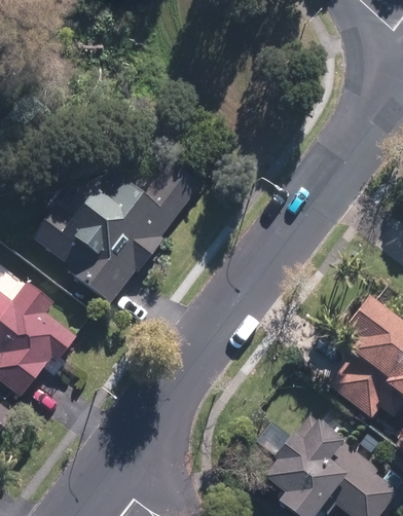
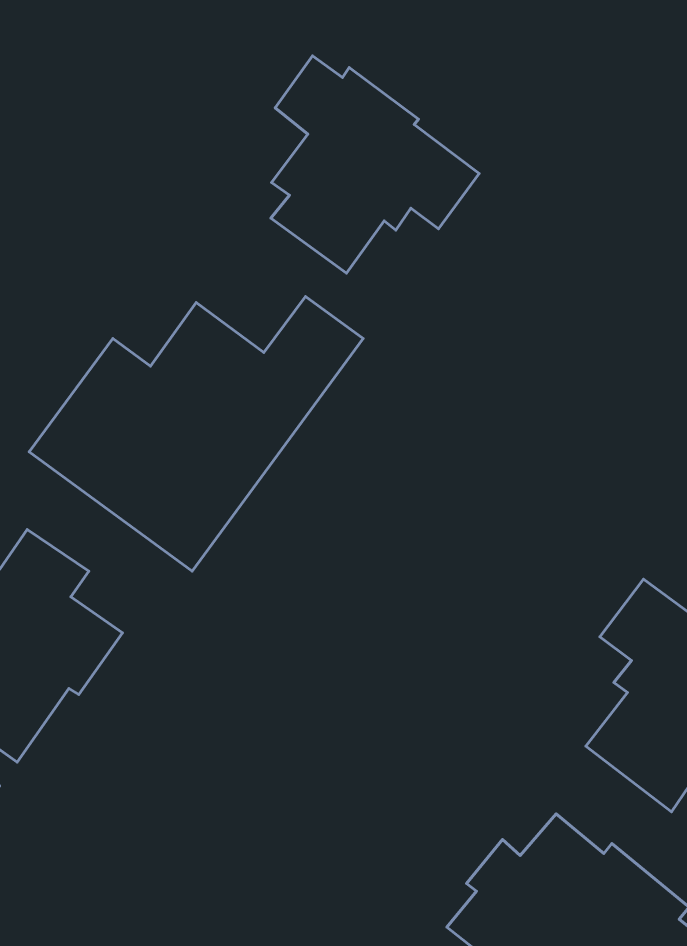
building: none -> [271,56,479,273]

